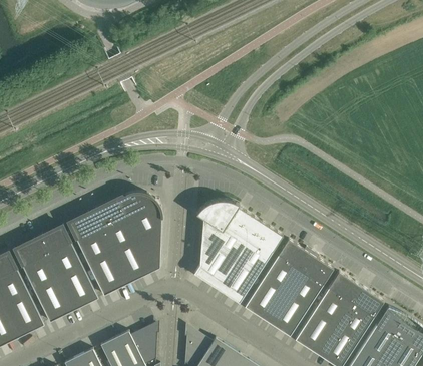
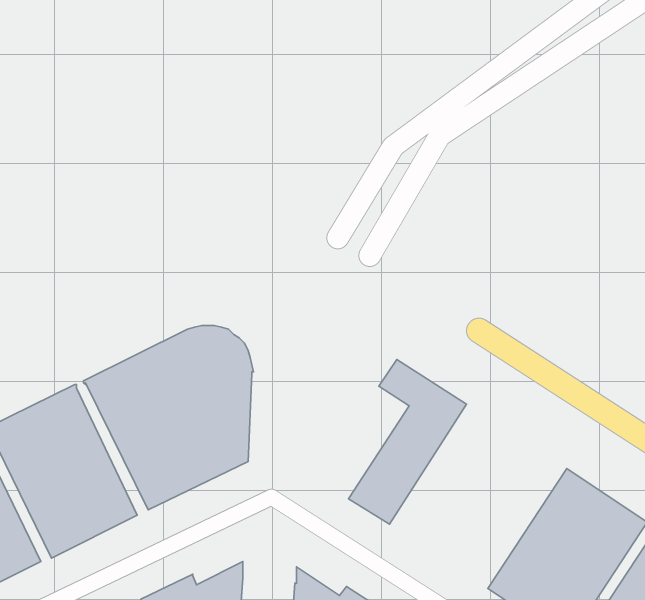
building: [193,200,251,289] -> none
building: [245,239,334,336] -> none

